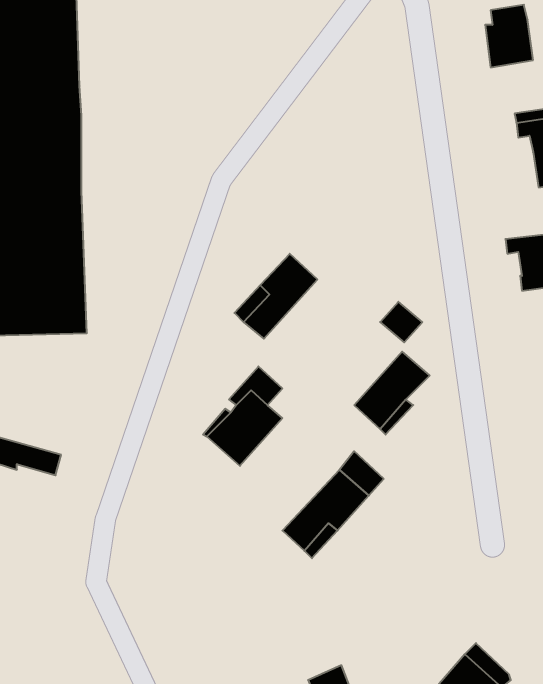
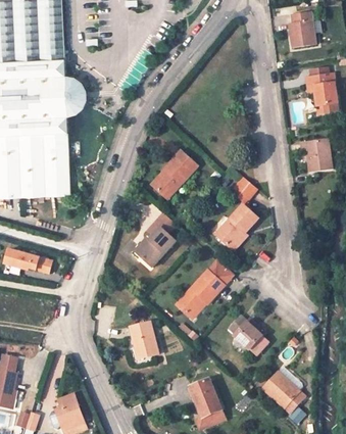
building: none -> [65,74,88,115]
building: none -> [230,316,262,348]
building: none -> [131,322,157,357]

